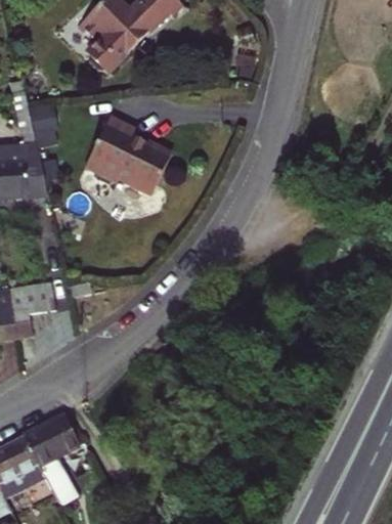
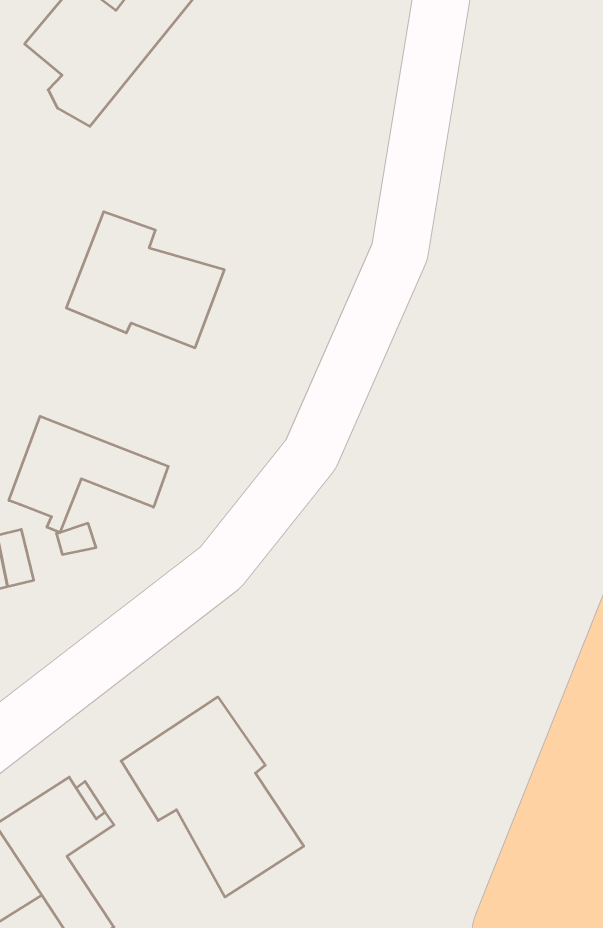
building: none -> [9,416,168,533]
building: none -> [121,697,304,897]

